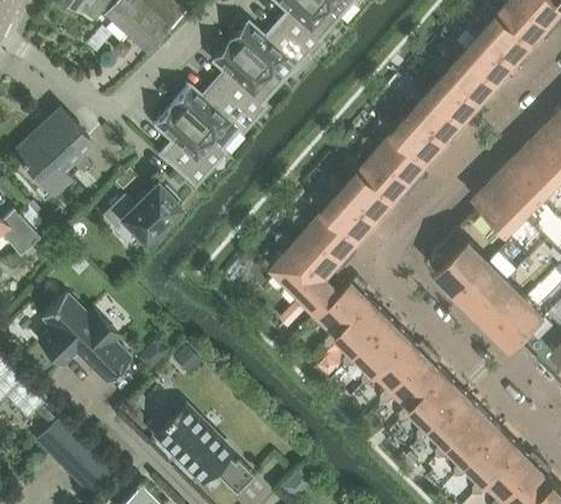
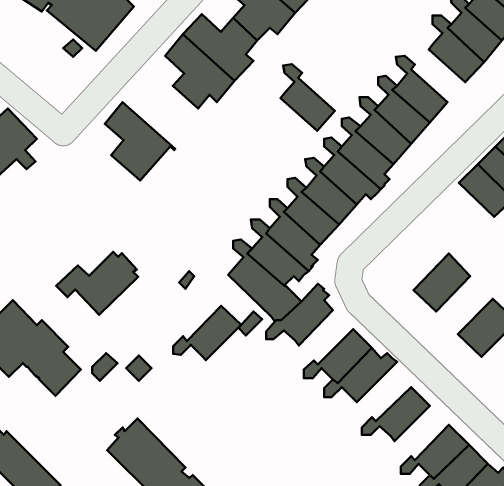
building: [446,41,497,104] -> [281,64,335,131]
building: [171,85,247,149] -> none
building: [473,181,525,232] -> none
building: [103,182,181,242] -> [56,252,138,315]
building: [431,227,482,283] -> none
building: [470,270,524,325] -> none
building: [326,302,390,354] -> [173,306,241,360]
building: [381,352,446,408] -> none
building: [417,394,482,445] -> none

